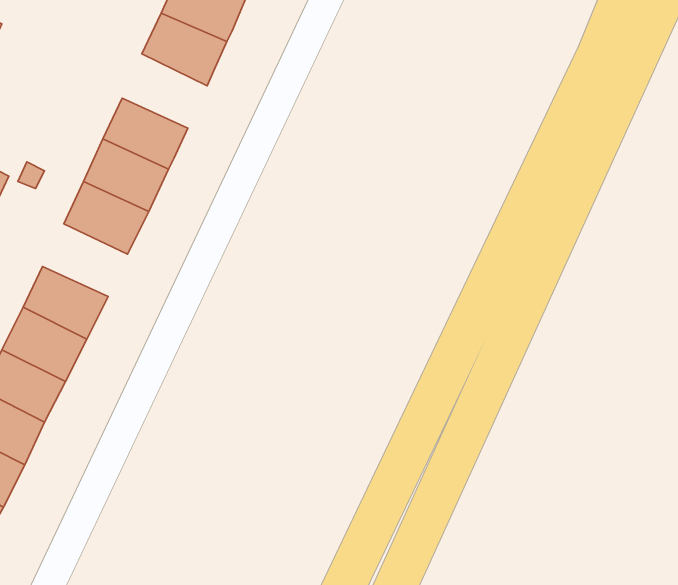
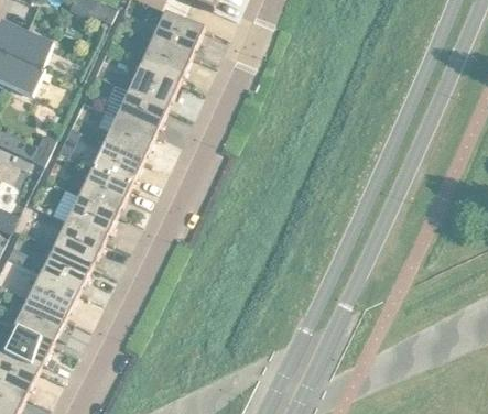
building: none -> [127,62,180,108]
building: none -> [77,167,130,213]

